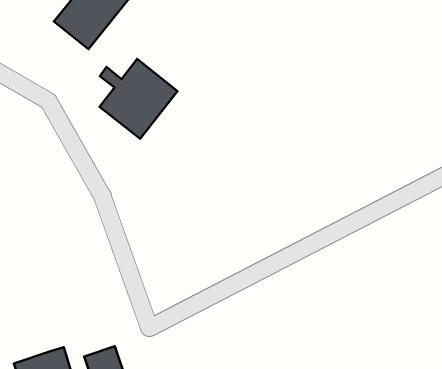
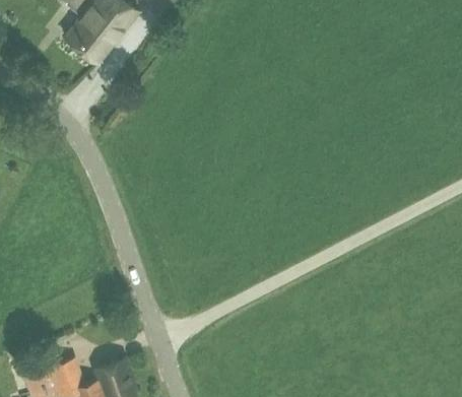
building: [100,59,178,139] -> none

